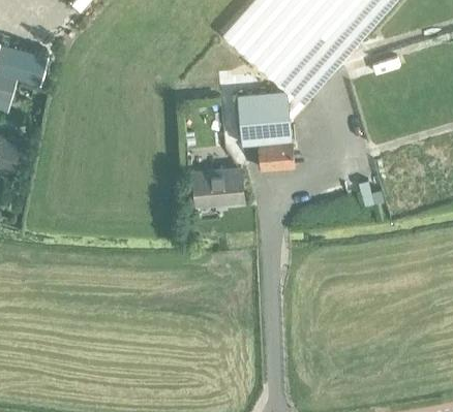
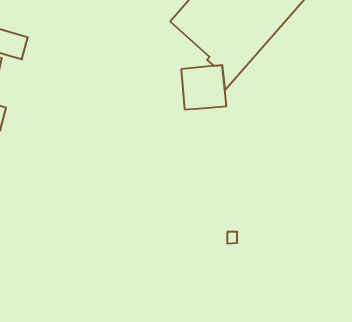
building: [259,140,295,169] -> none
building: [194,168,243,207] -> none

